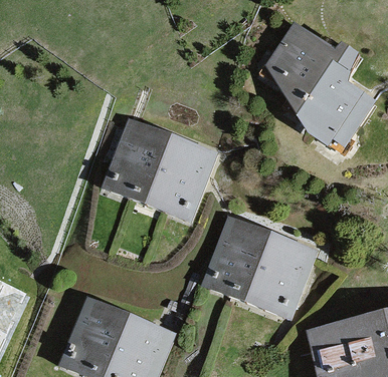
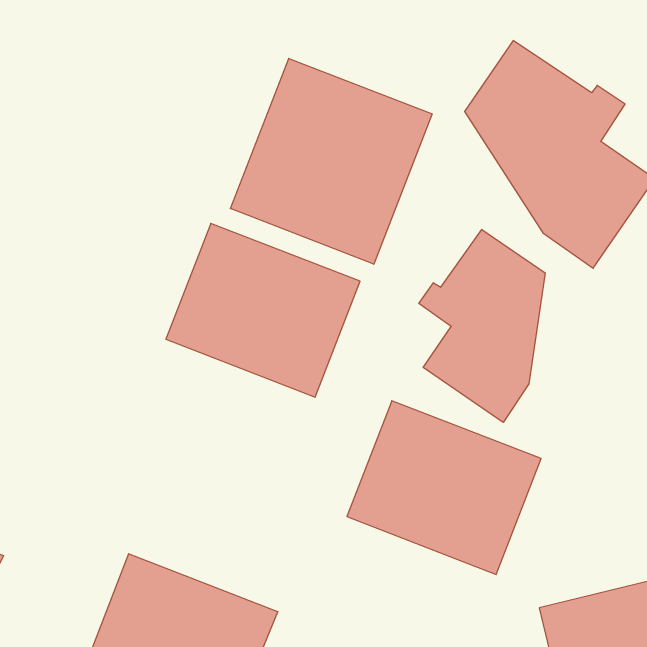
building: none -> [230,58,432,264]
building: none -> [419,229,545,422]

